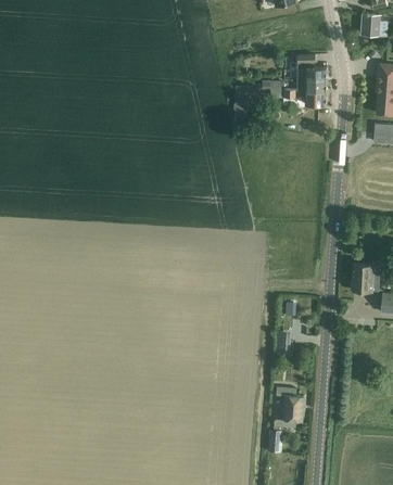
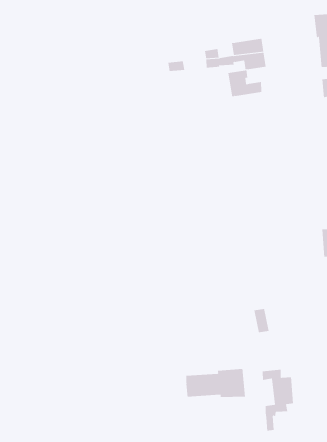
building: [296,55,327,78] -> [228,70,262,97]
building: none -> [186,368,245,398]

